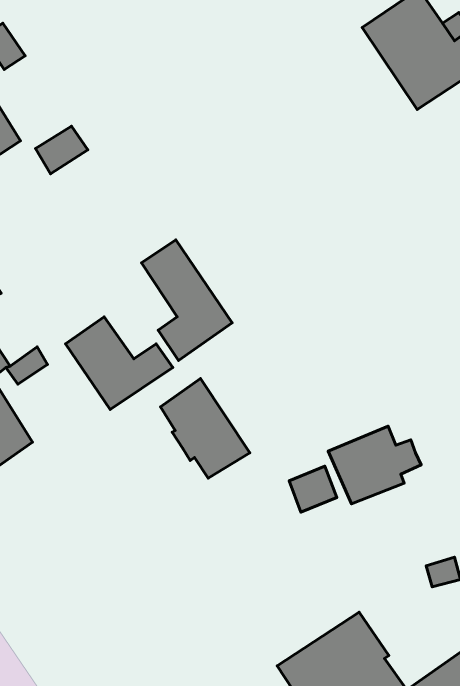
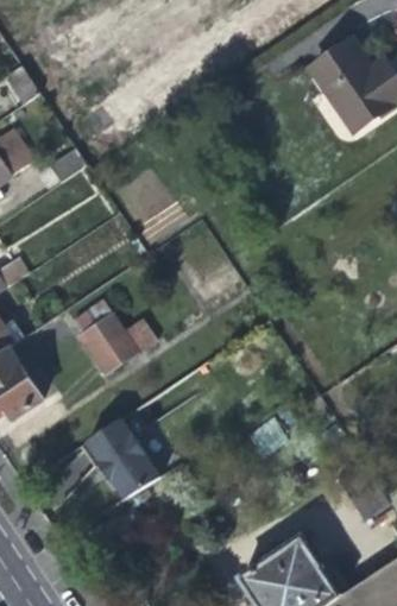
building: [142,240,232,361] -> none
building: [160,378,250,478] -> [88,421,159,500]
building: [328,426,421,504] -> none

